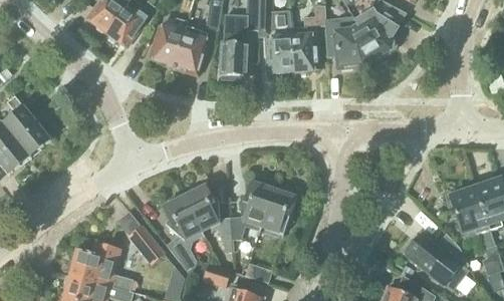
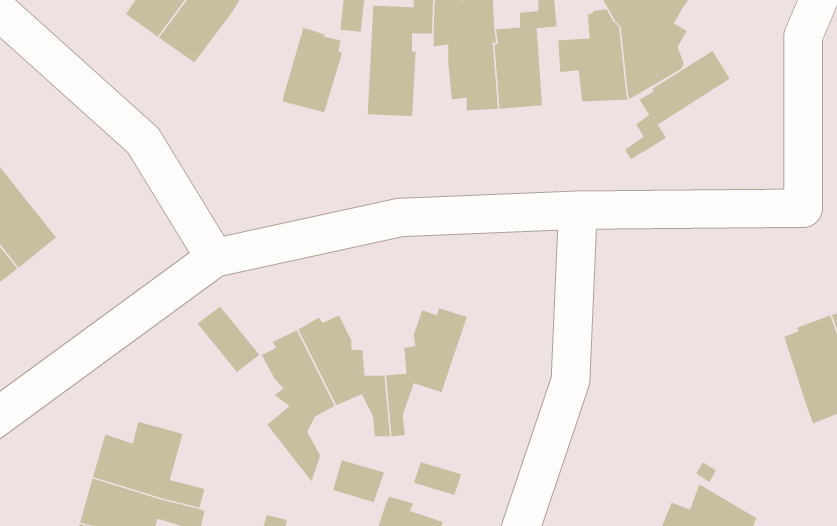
building: [151,18,187,64] -> none
building: none -> [624,50,731,161]
building: [262,185,297,235] -> none
building: [130,226,165,263] -> [196,305,261,373]
building: [404,230,470,288] -> none

